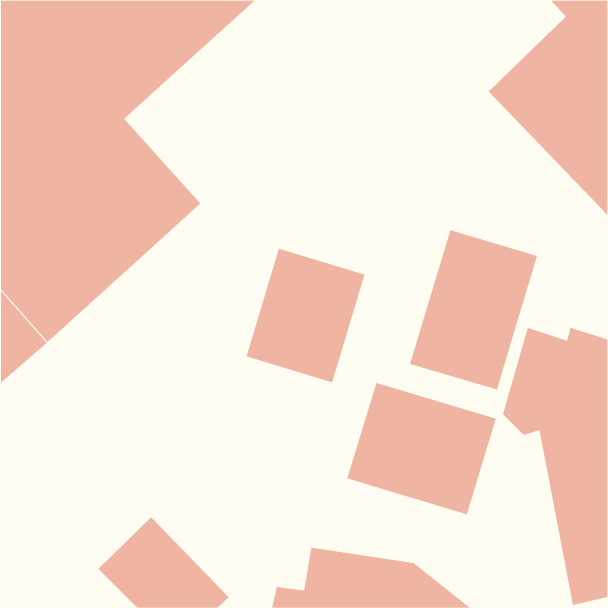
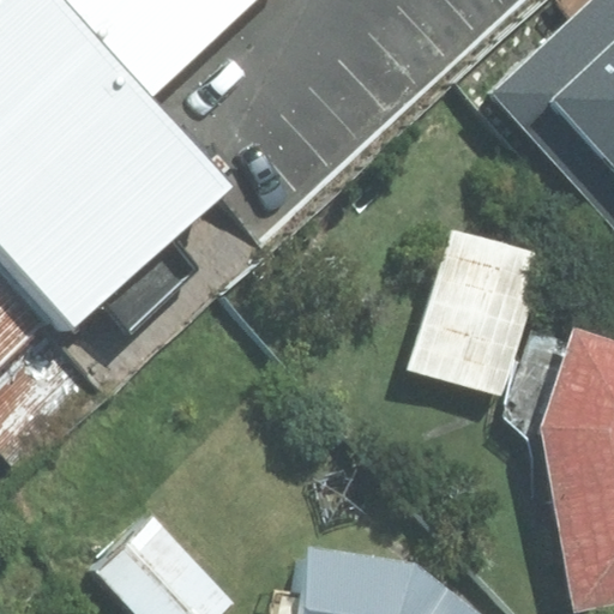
building: [246,248,365,383] -> none
building: [347,382,496,515] -> none

